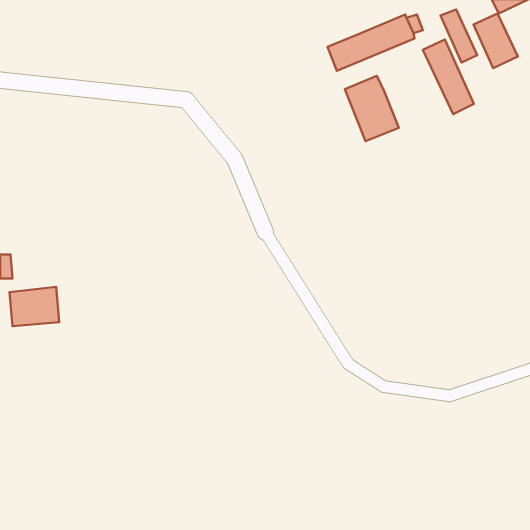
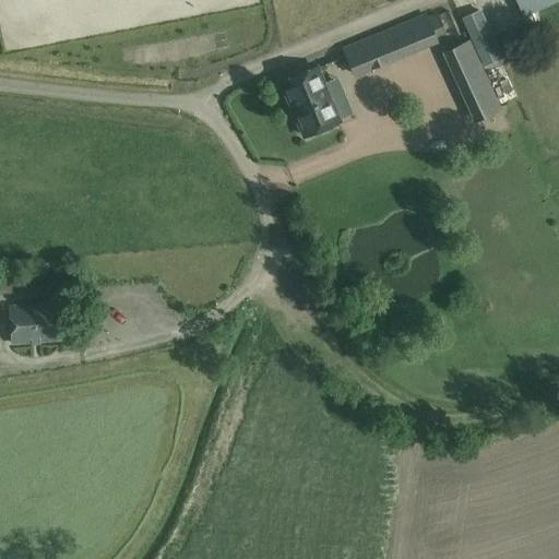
building: [474,13,518,68] -> none
building: [345,76,399,141] -> [283,67,340,135]

